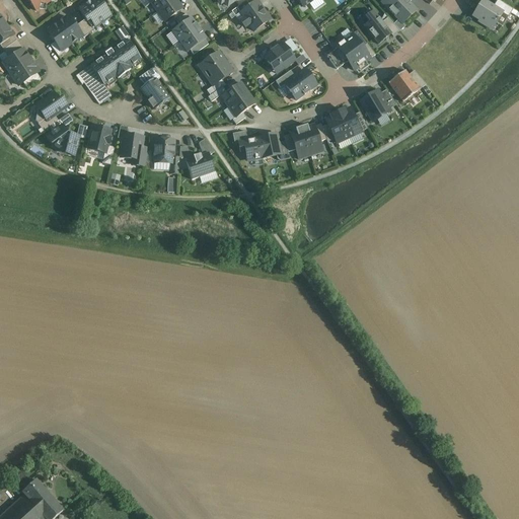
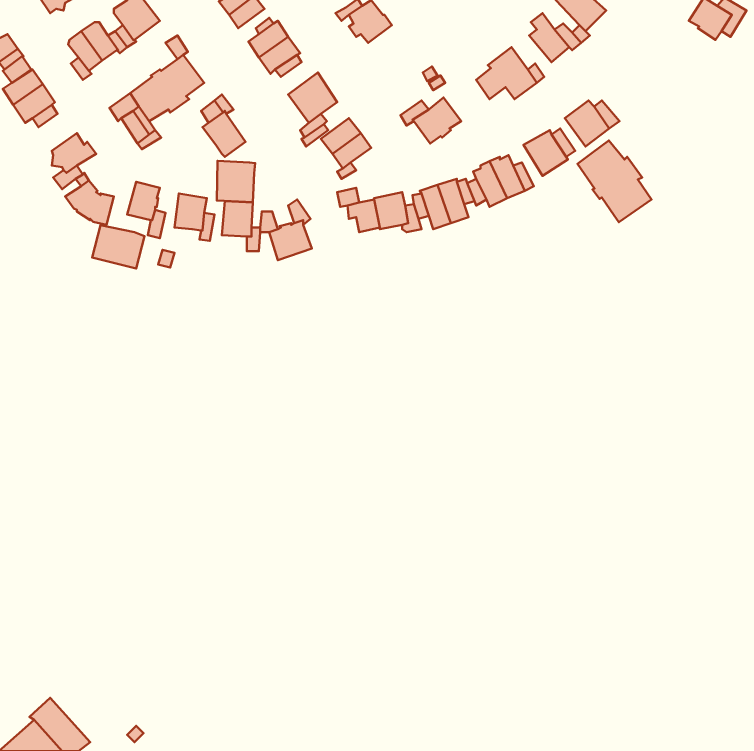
building: [264,42,293,72] -> none
building: none -> [578,141,651,222]
building: none -> [217,161,255,202]
building: none -> [92,225,144,268]

